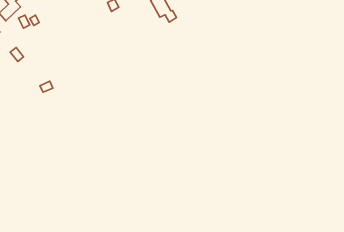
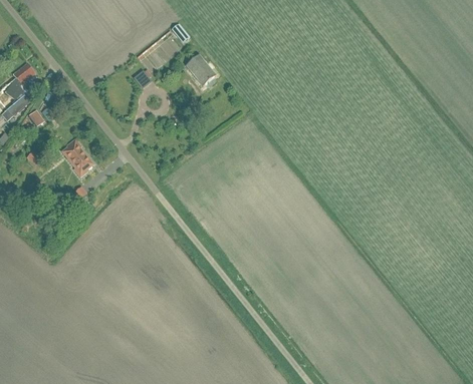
building: none -> [64,138,92,176]

